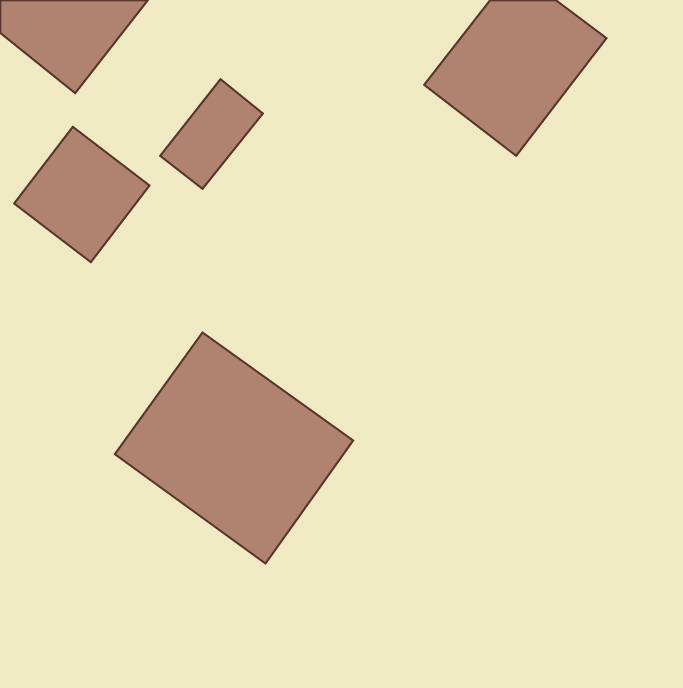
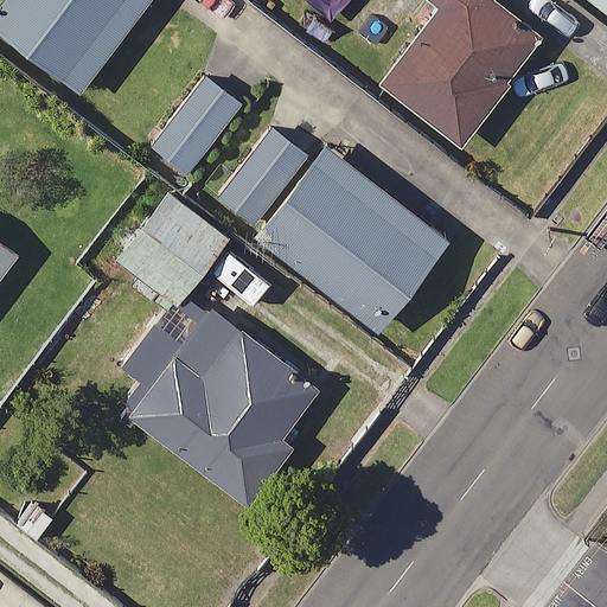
building: [14,127,150,262] -> [108,186,225,304]
building: none -> [222,129,447,328]

